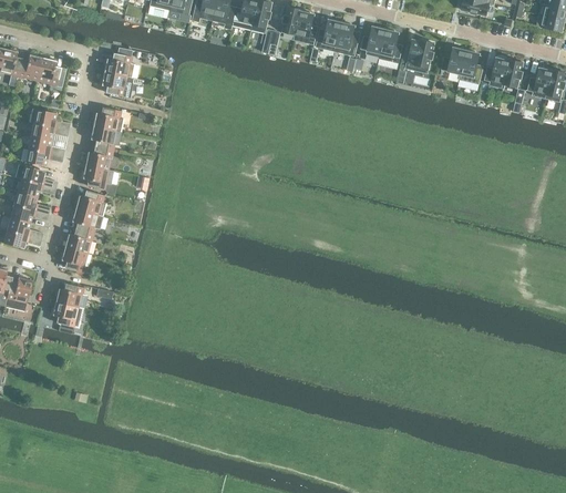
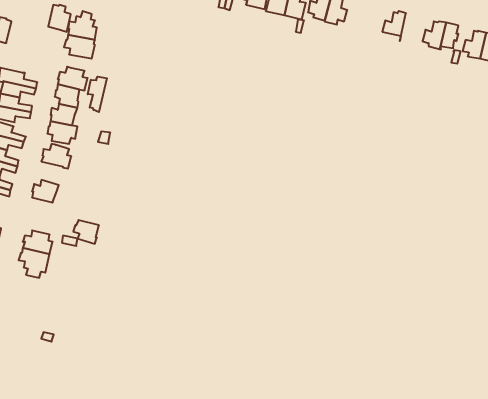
building: [407,41,434,73] -> none
building: [460,50,483,84] -> none
building: [37,59,61,88] -> [48,5,71,32]
building: none -> [88,77,107,112]
building: [70,209,97,235] -> none
building: [59,248,86,274] -> [73,220,99,244]

